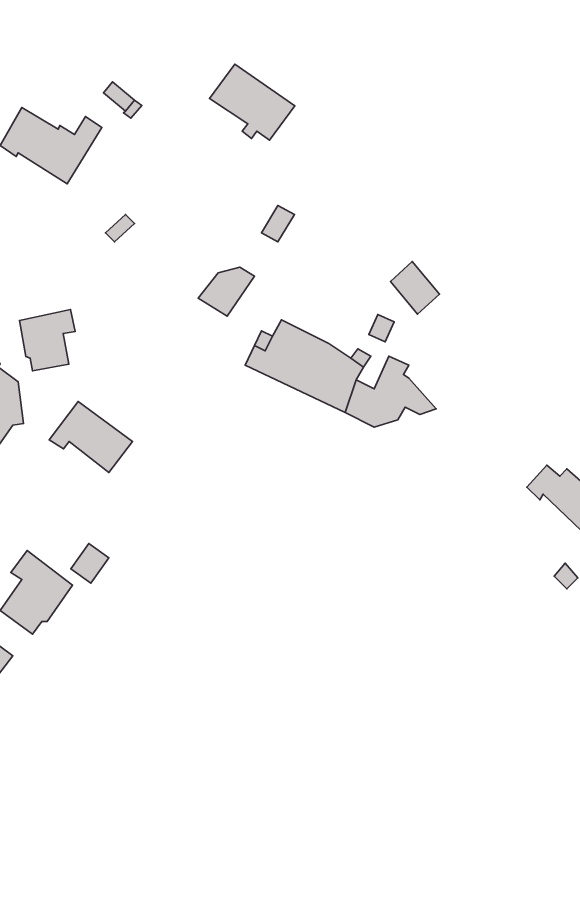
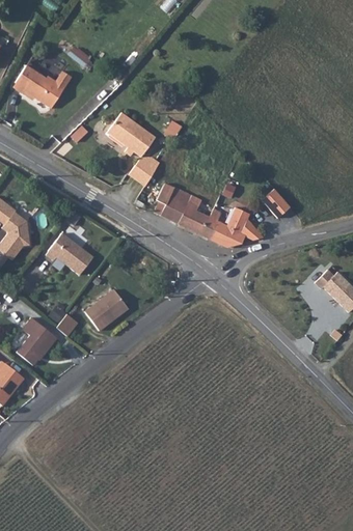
building: [210,64,295,140] -> [108,112,157,156]
building: [390,262,439,314] -> [263,188,291,218]
building: [20,310,75,371] -> none
building: none -> [83,289,127,331]

